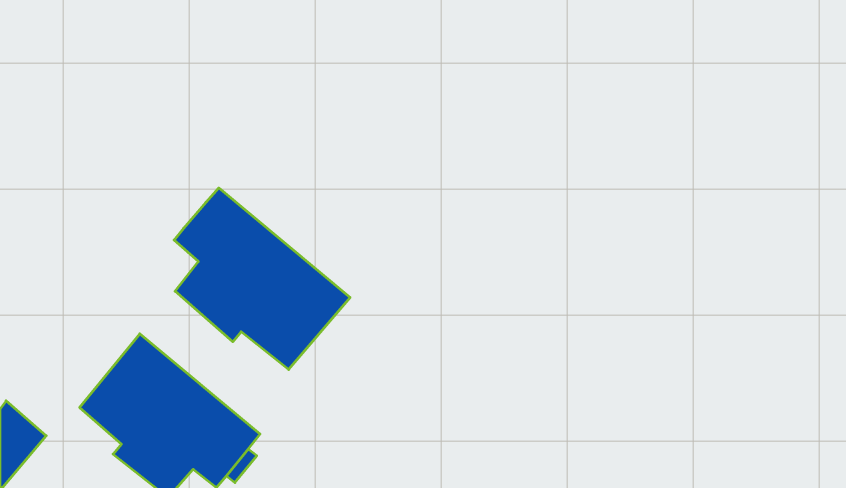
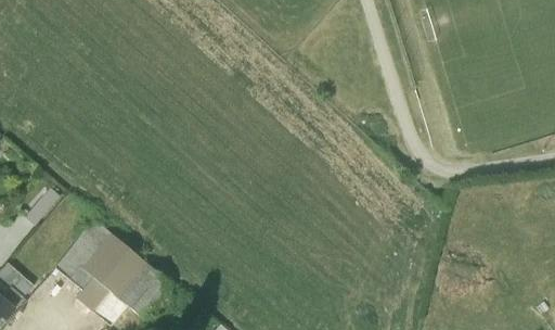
building: [174,188,350,370] -> none

